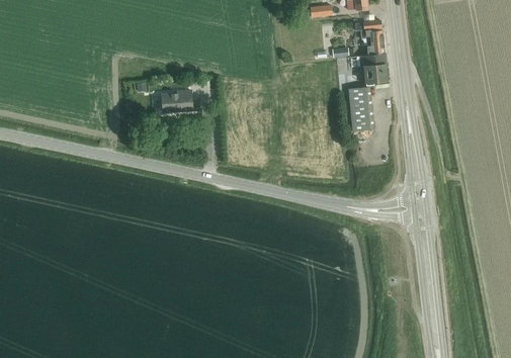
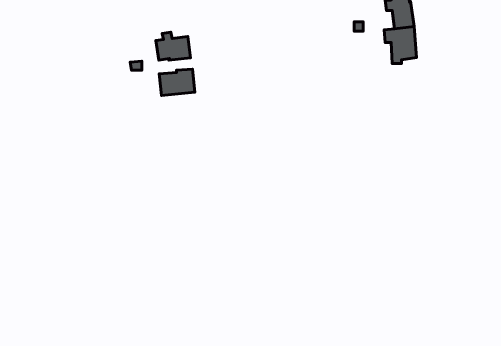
building: none -> [156,32,190,60]
building: [348,87,373,130] -> none

